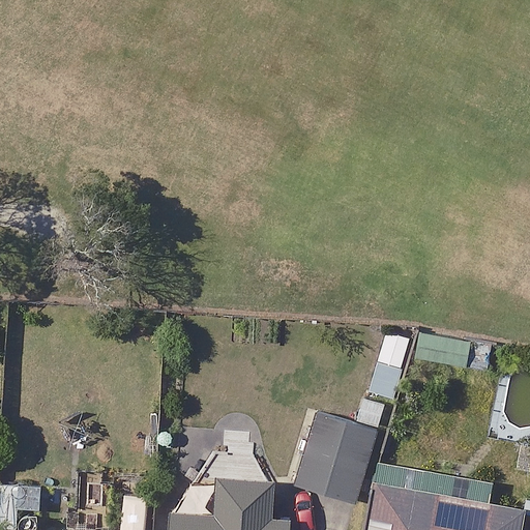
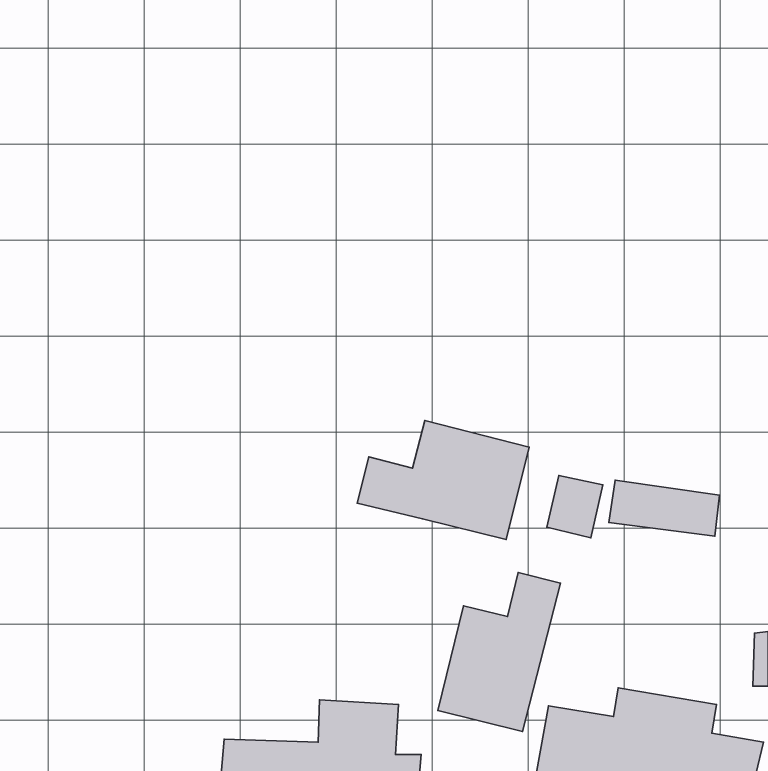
building: none -> [357,421,529,539]

